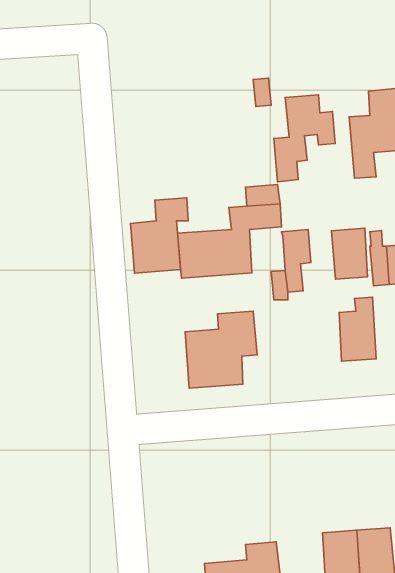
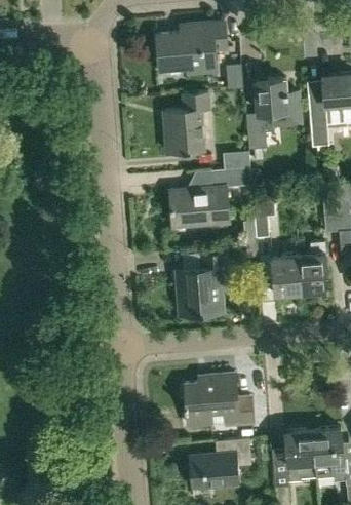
building: none -> [156,24,225,74]
building: [131,198,188,273] -> [162,92,208,153]
building: [332,228,367,279] -> [271,255,300,296]
building: none -> [183,374,252,426]

